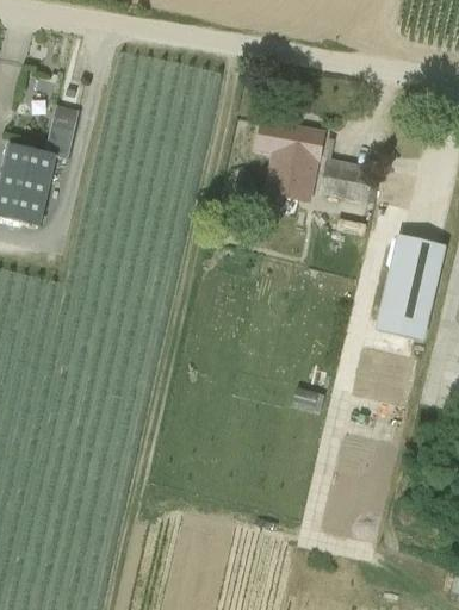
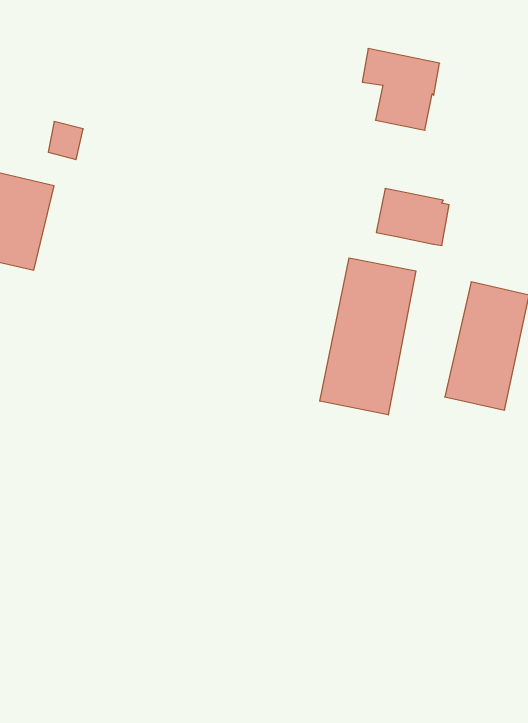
building: [259,120,322,187] -> [362,49,440,130]
building: none -> [320,258,416,415]

